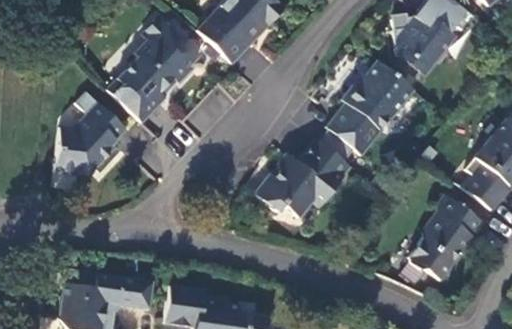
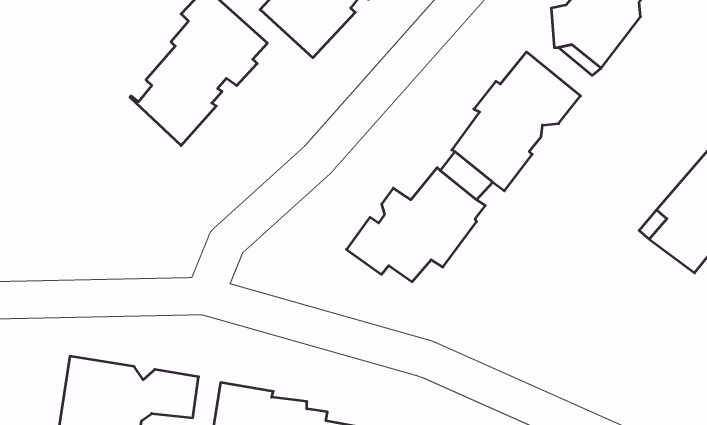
building: [54,91,127,174] -> none
building: [409,194,483,278] -> none

